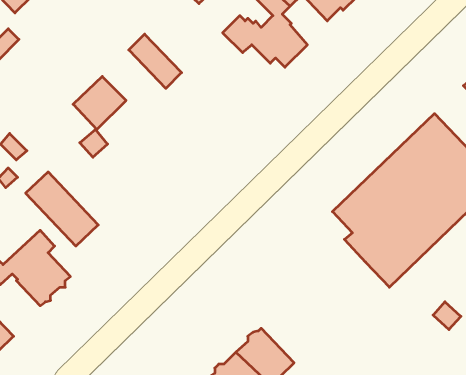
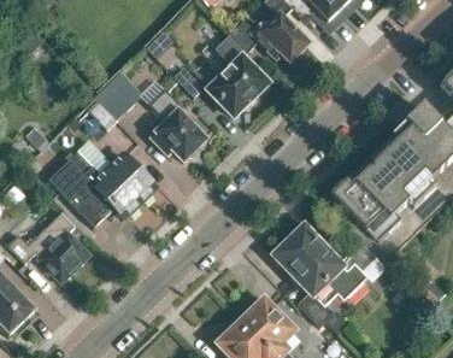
building: none -> [206,33,269,118]
building: none -> [148,89,208,160]
building: none -> [71,140,155,216]
building: none -> [275,223,377,334]

